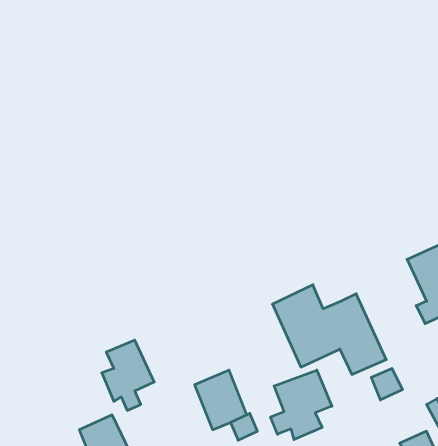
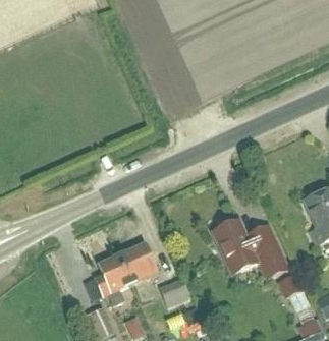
building: none -> [117,241,157,283]
building: [271,370,332,440] -> none

